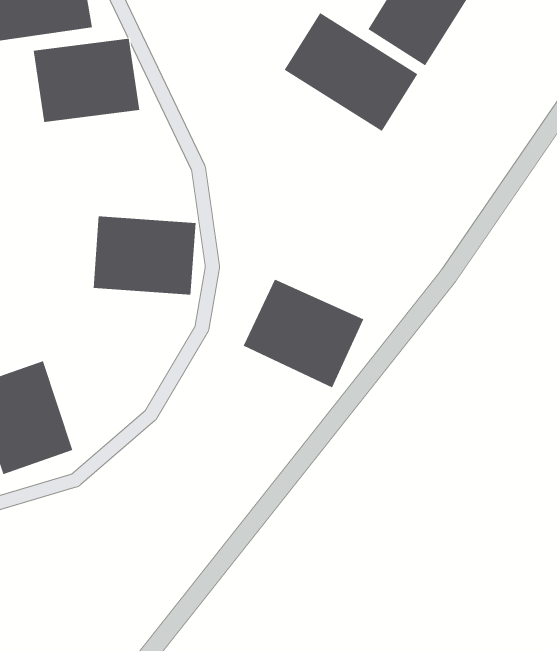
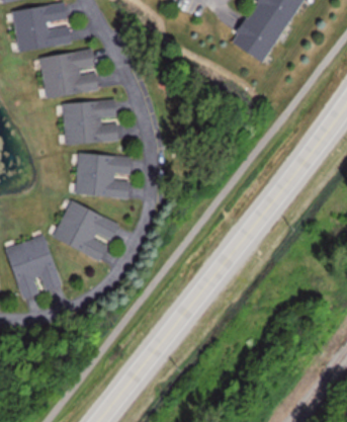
building: [284,12,418,132] -> none
building: none -> [60,100,119,145]
building: [243,279,364,388] -> [51,199,120,262]

